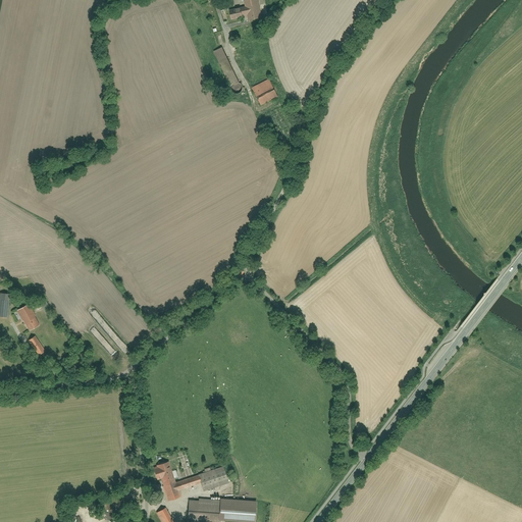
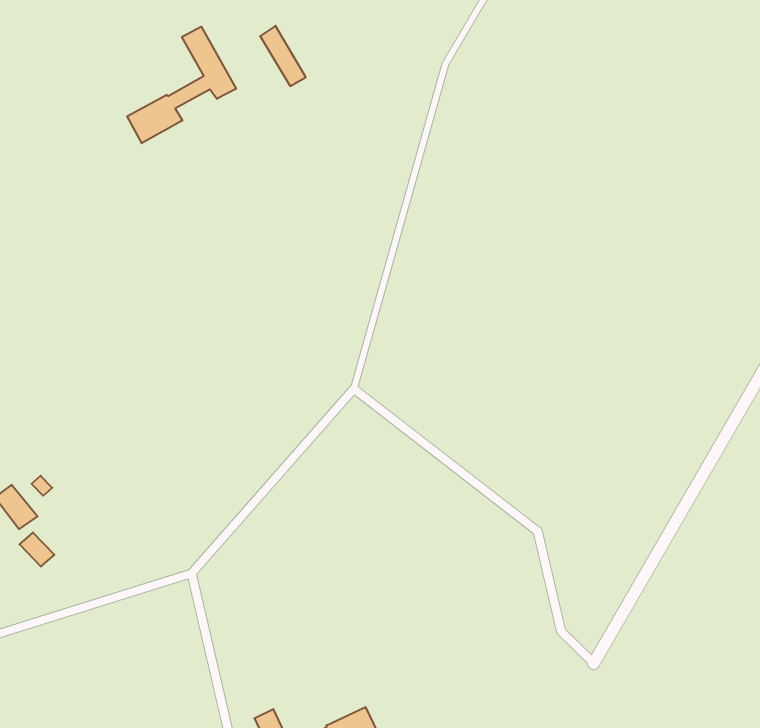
building: none -> [127,27,236,143]
building: [251,80,276,106] -> none

